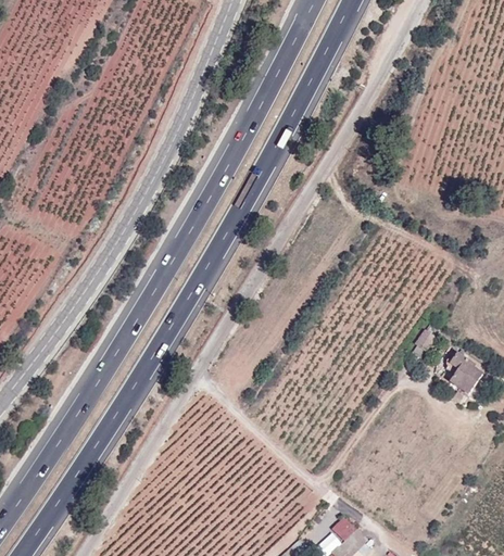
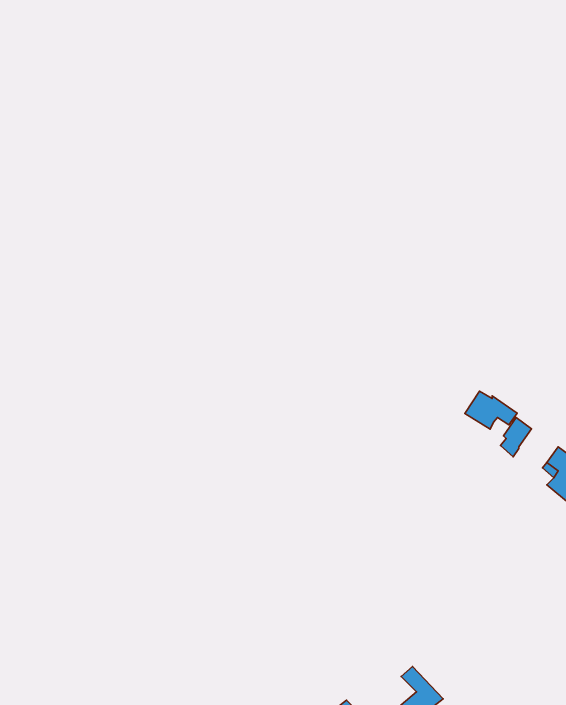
building: none -> [465,391,517,429]

